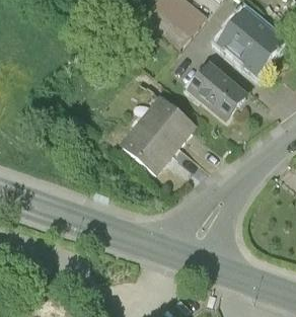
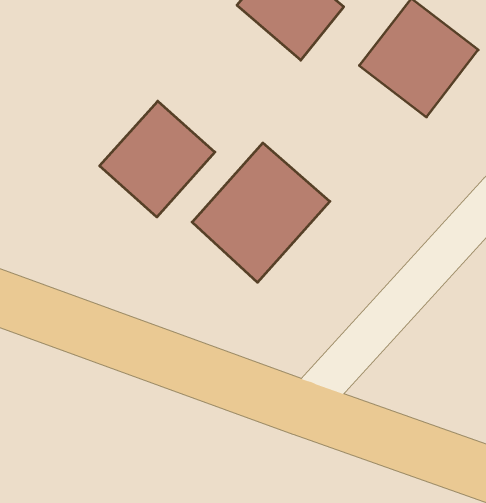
building: [186,63,249,124] -> none
building: none -> [100,101,215,217]

